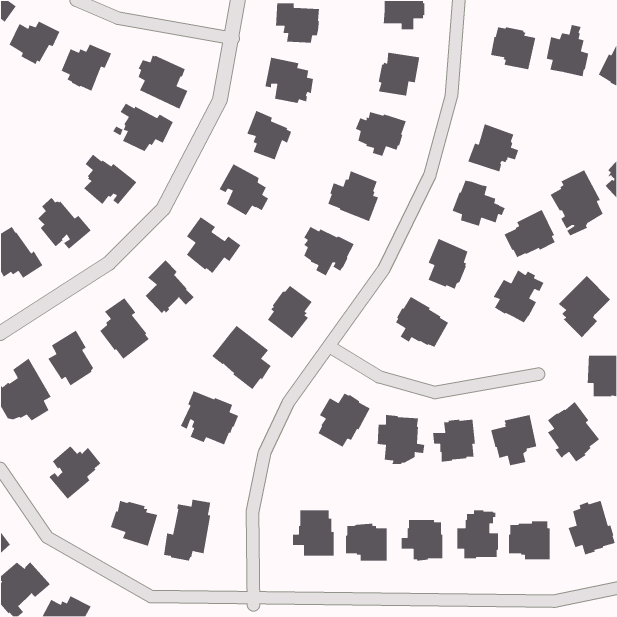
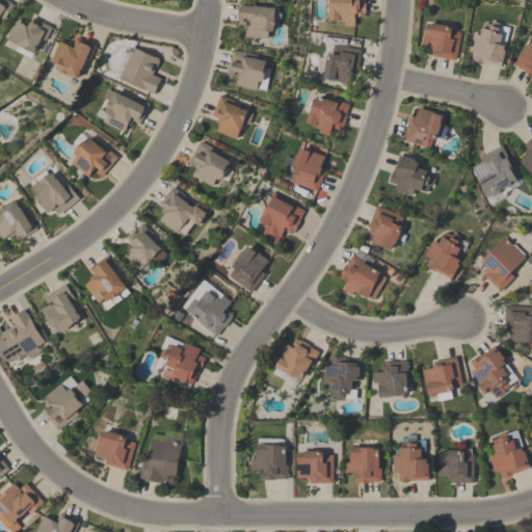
building: [503,209,556,258] -> none

